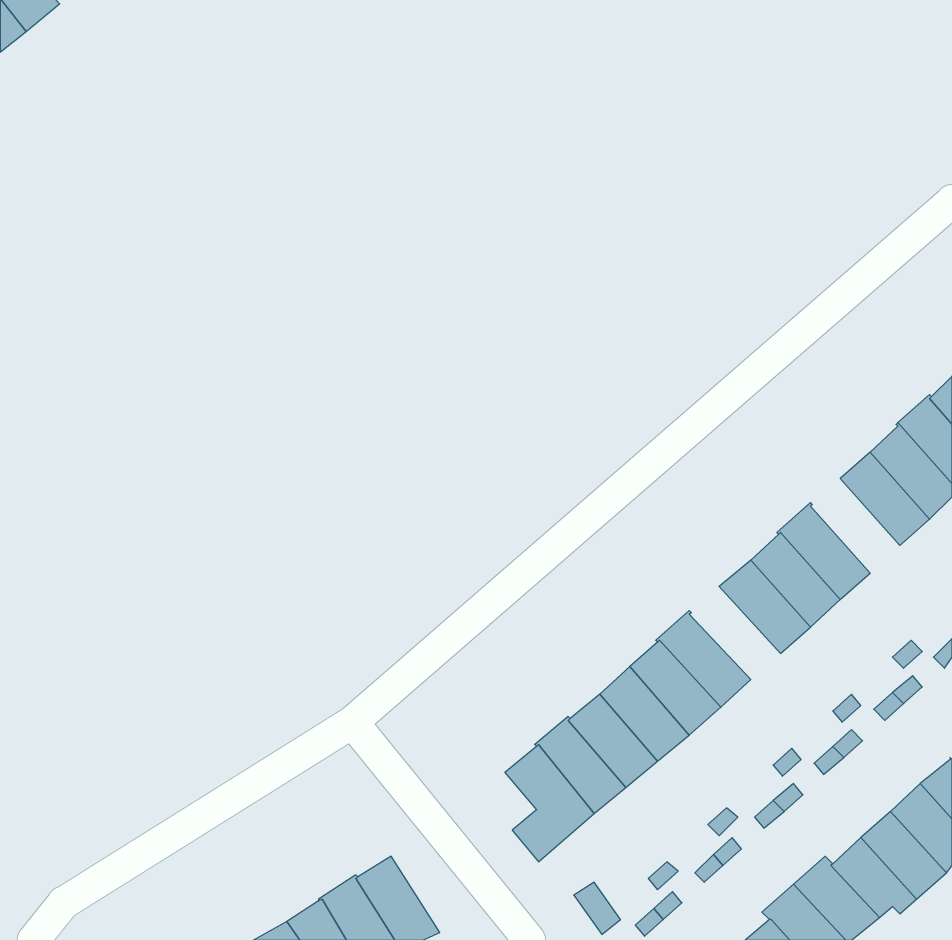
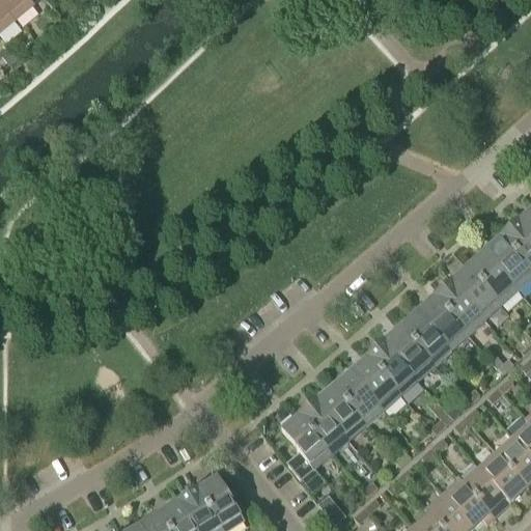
building: none -> [451,267,501,319]
building: none -> [384,327,435,379]

